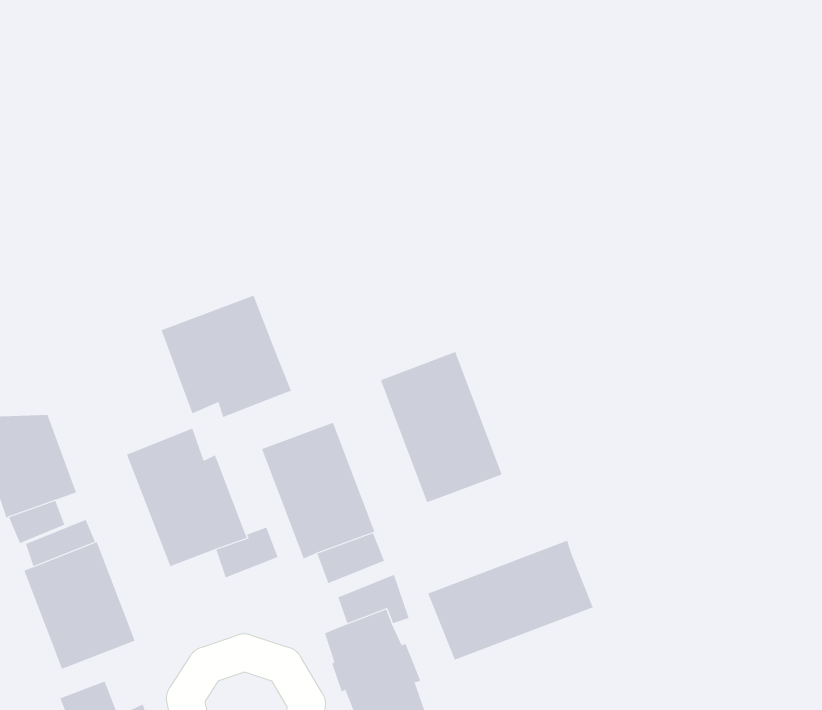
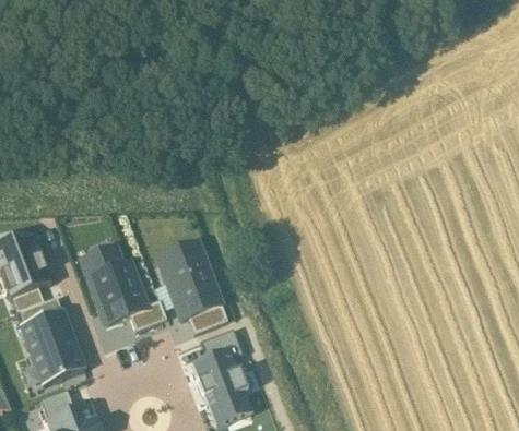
building: [161,295,292,418] -> none
building: [380,351,502,503] -> none
building: [428,540,594,661] -> none

